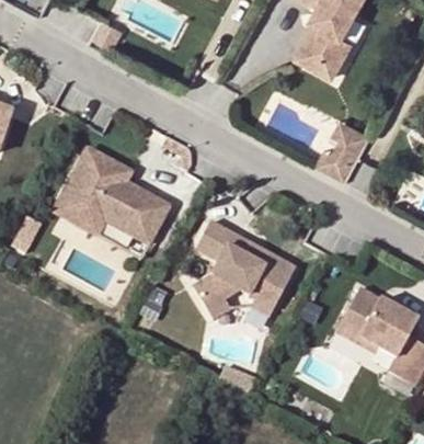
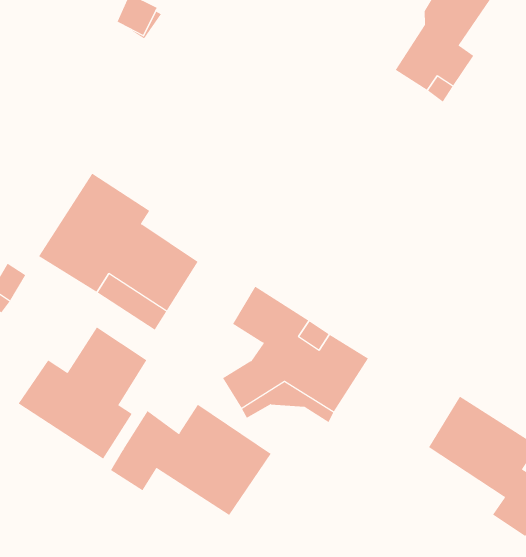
building: [317,122,371,183] -> none
building: none -> [18,326,147,459]
building: none -> [110,404,271,516]

